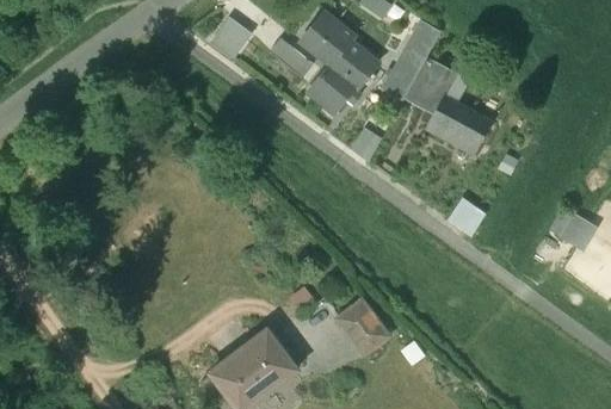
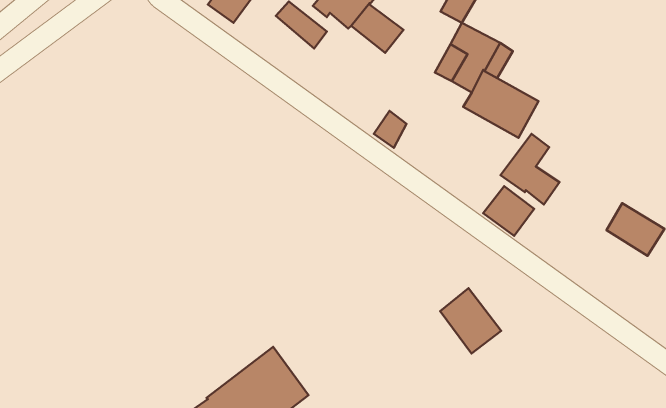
building: [385,45,426,98] -> none
building: [307,58,362,113] -> none
building: none -> [501,134,560,205]
building: [338,299,389,354] -> [440,288,501,354]

